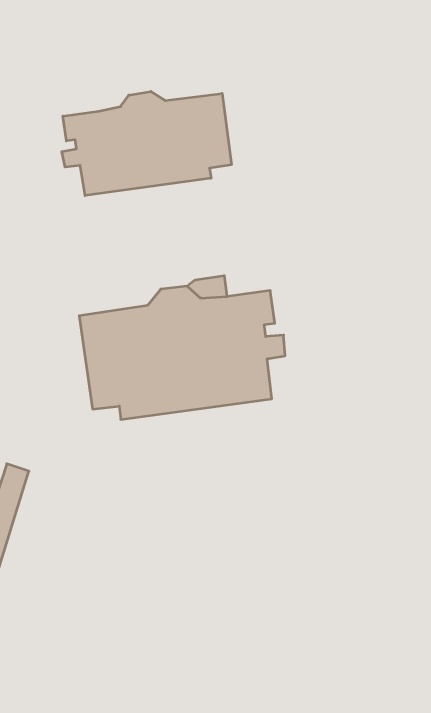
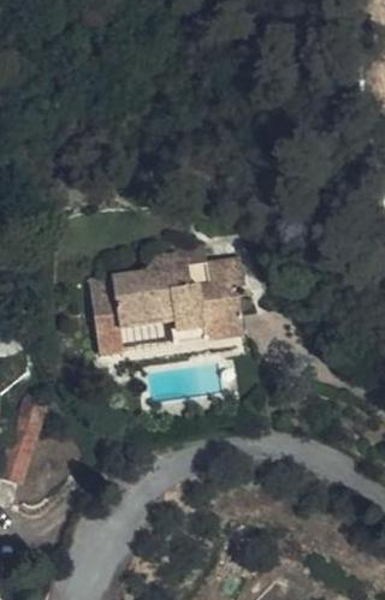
building: [62,91,231,196] -> none

